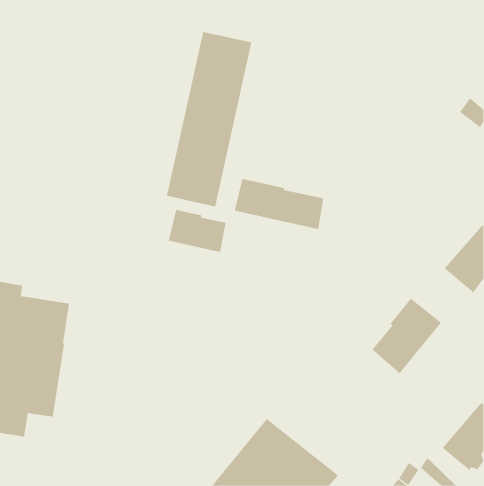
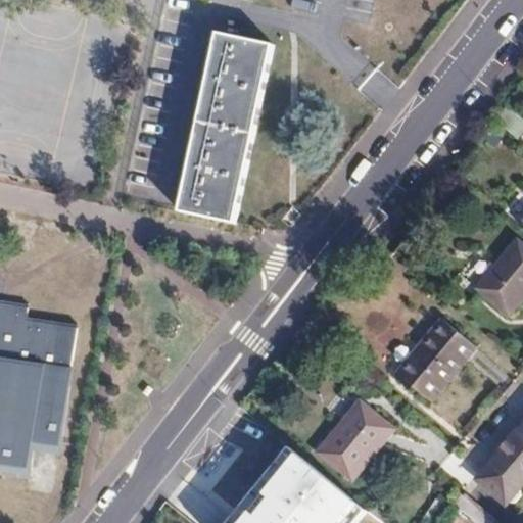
building: [234,178,324,230] -> none
building: [168,209,226,253] -> none
building: none -> [317,405,391,478]

